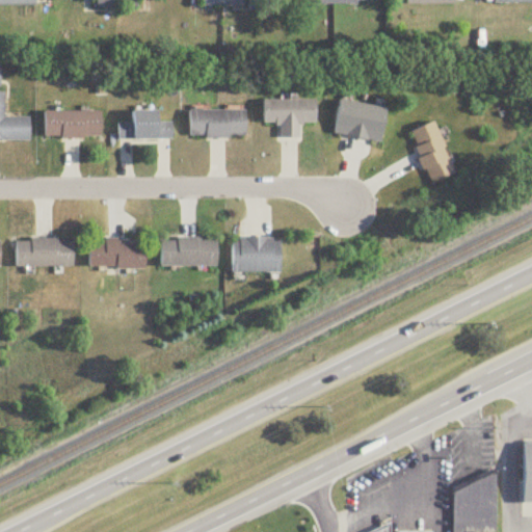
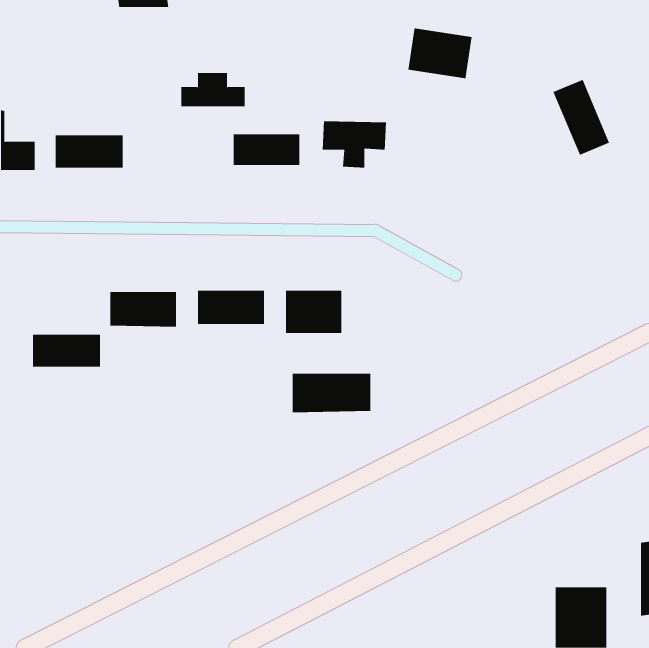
building: [335,99,388,140] -> [408,28,473,79]
building: [119,110,172,138] -> [181,73,246,107]
building: [409,121,456,183] -> [553,79,610,156]
building: [18,238,74,265] -> [32,334,101,367]
building: none -> [292,373,371,413]

